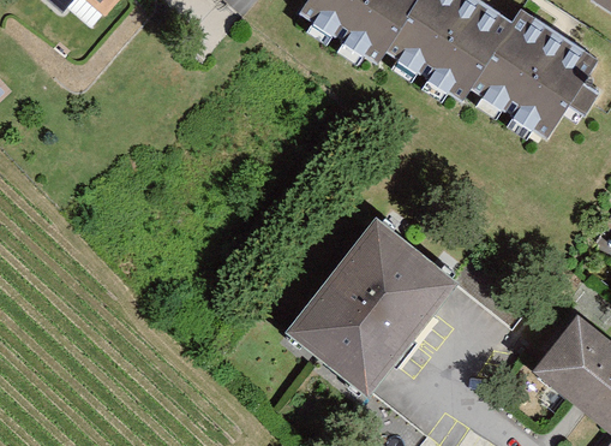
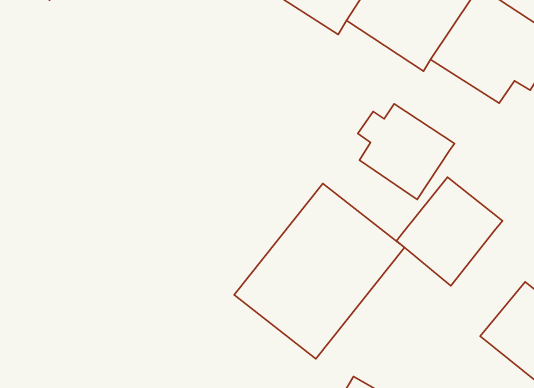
building: none -> [358,104,454,199]
building: none -> [396,177,503,286]

